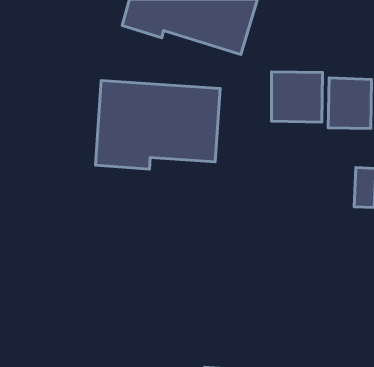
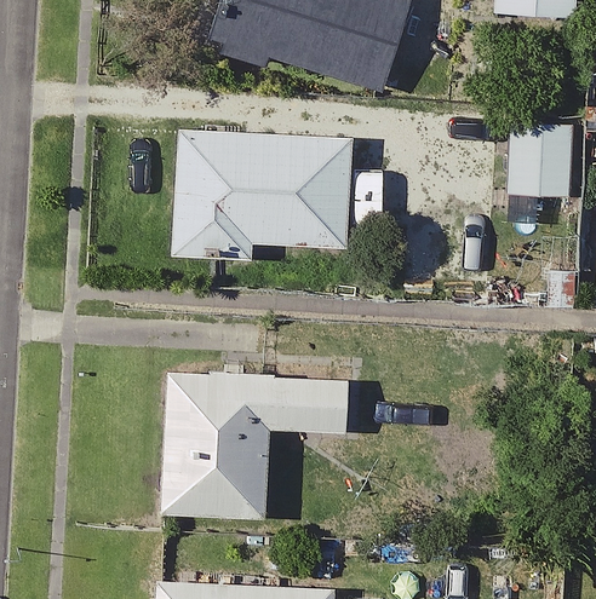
building: [271,72,323,122] -> none
building: none -> [157,368,349,518]

